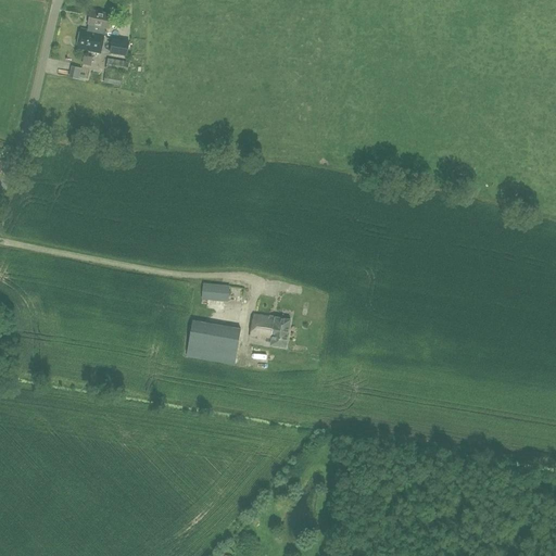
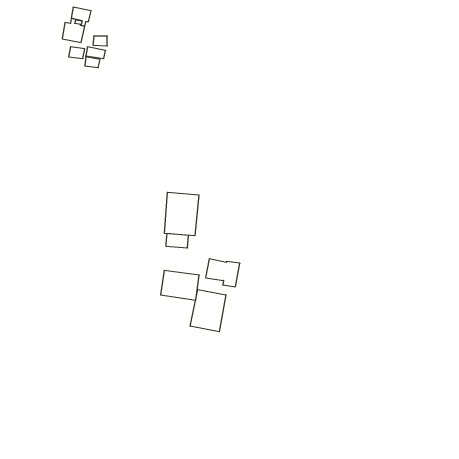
building: none -> [165,192,199,236]
building: none -> [190,290,226,332]

